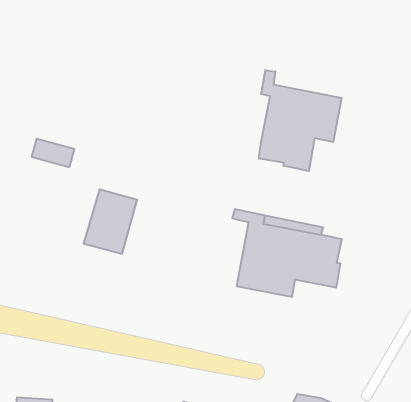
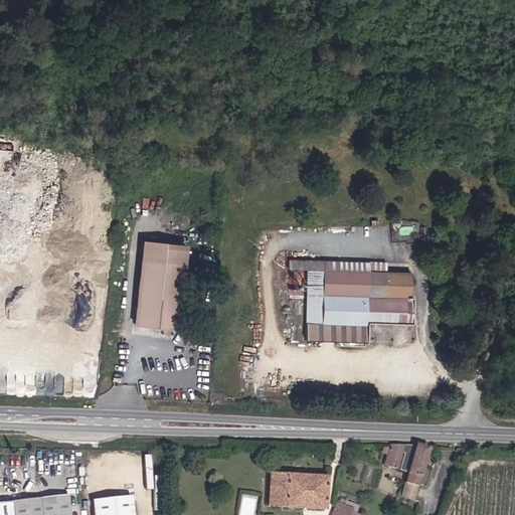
building: [259,70,342,171] -> none
building: [32,139,74,167] -> [143,243,187,268]

